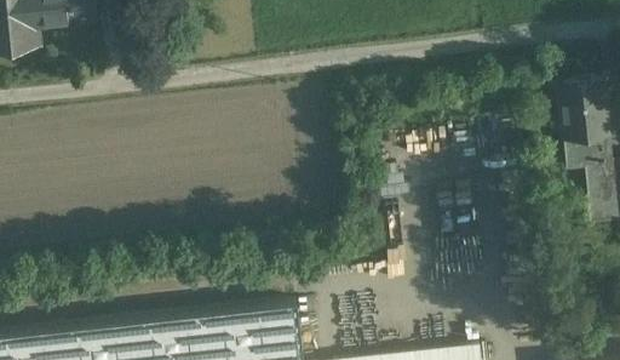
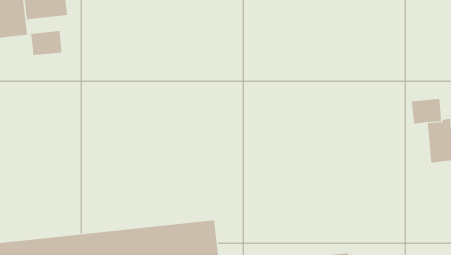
building: none -> [30,30,62,56]
building: [558,81,609,139] -> none

